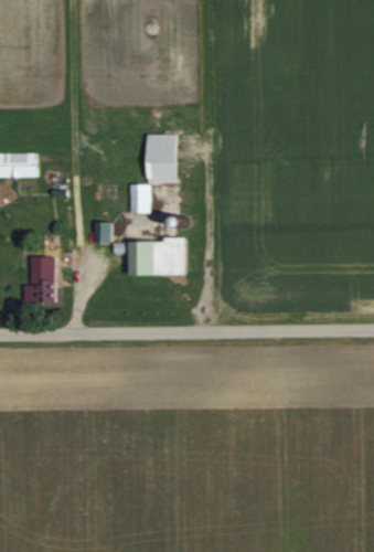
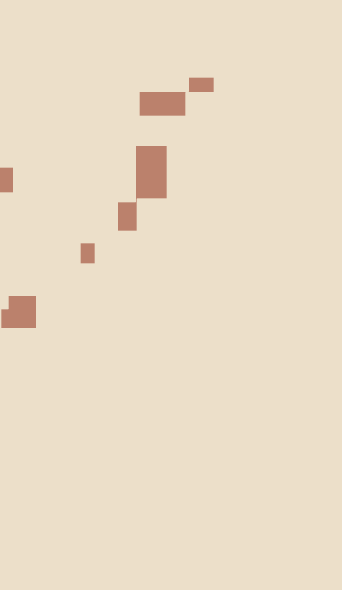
building: none -> [139,77,214,116]
building: [128,240,184,276] -> none

